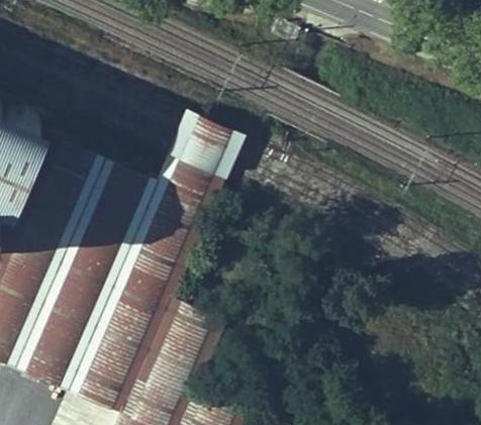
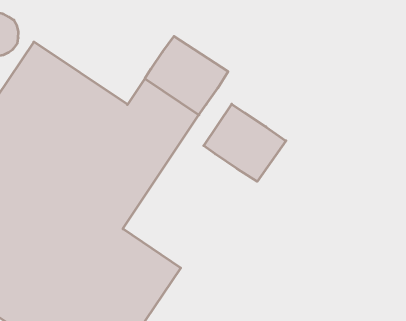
building: none -> [204,104,286,181]

